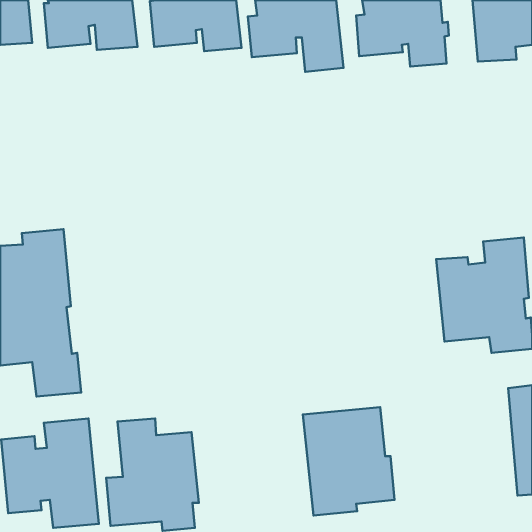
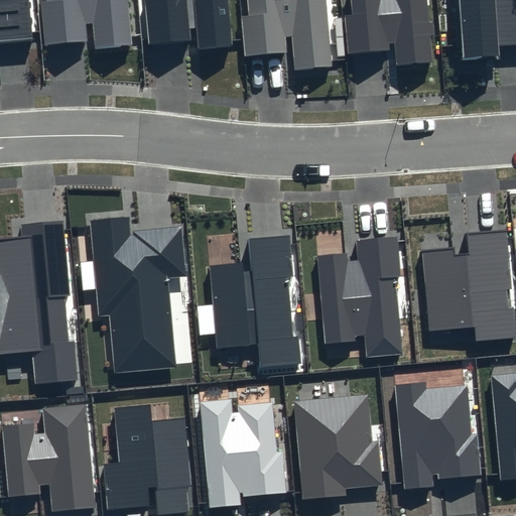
building: none -> [90,216,187,373]
building: none -> [211,235,301,366]
building: none -> [316,236,401,357]
building: none -> [394,382,482,489]
building: none -> [201,400,287,507]

